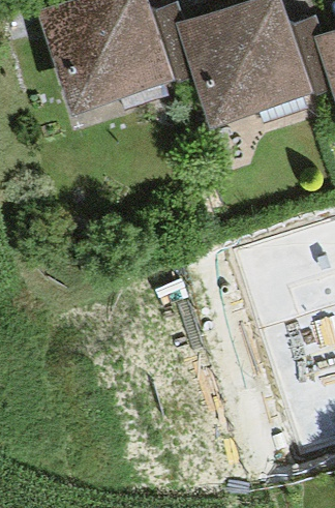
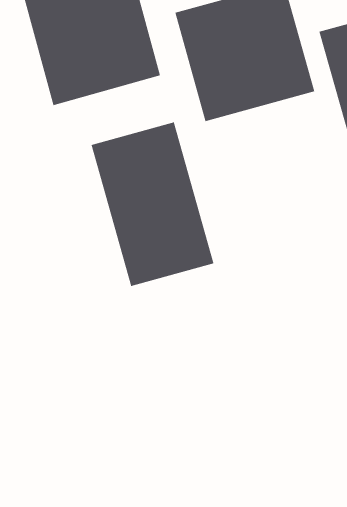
building: none -> [91,121,214,287]

